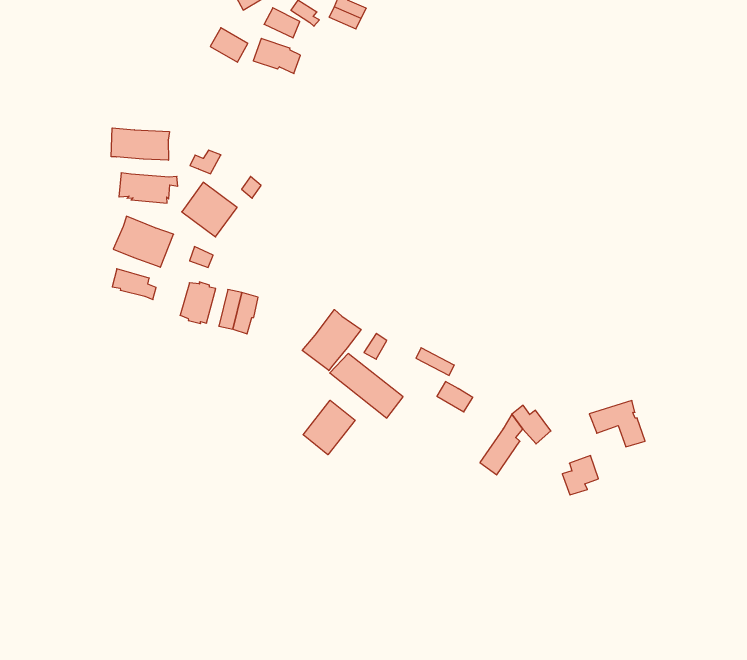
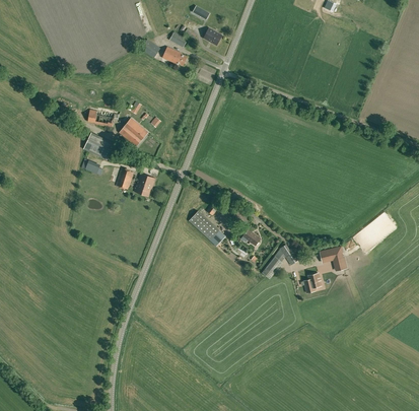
building: [111,128,169,160] -> none
building: [302,310,361,371] -> none
building: [303,400,355,455] -> none

